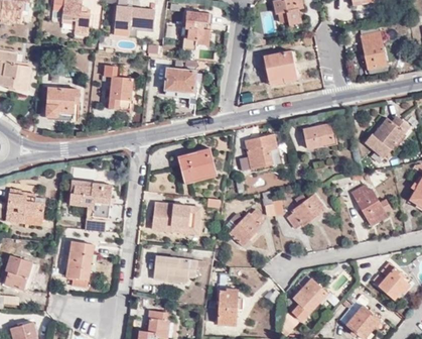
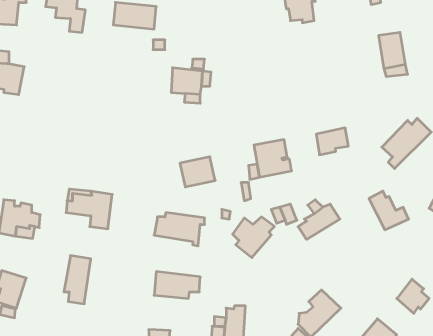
building: [174,11,210,48] -> none
building: [263,50,296,80] -> none
building: [108,76,134,108] -> none
building: [46,86,75,116] -> none

